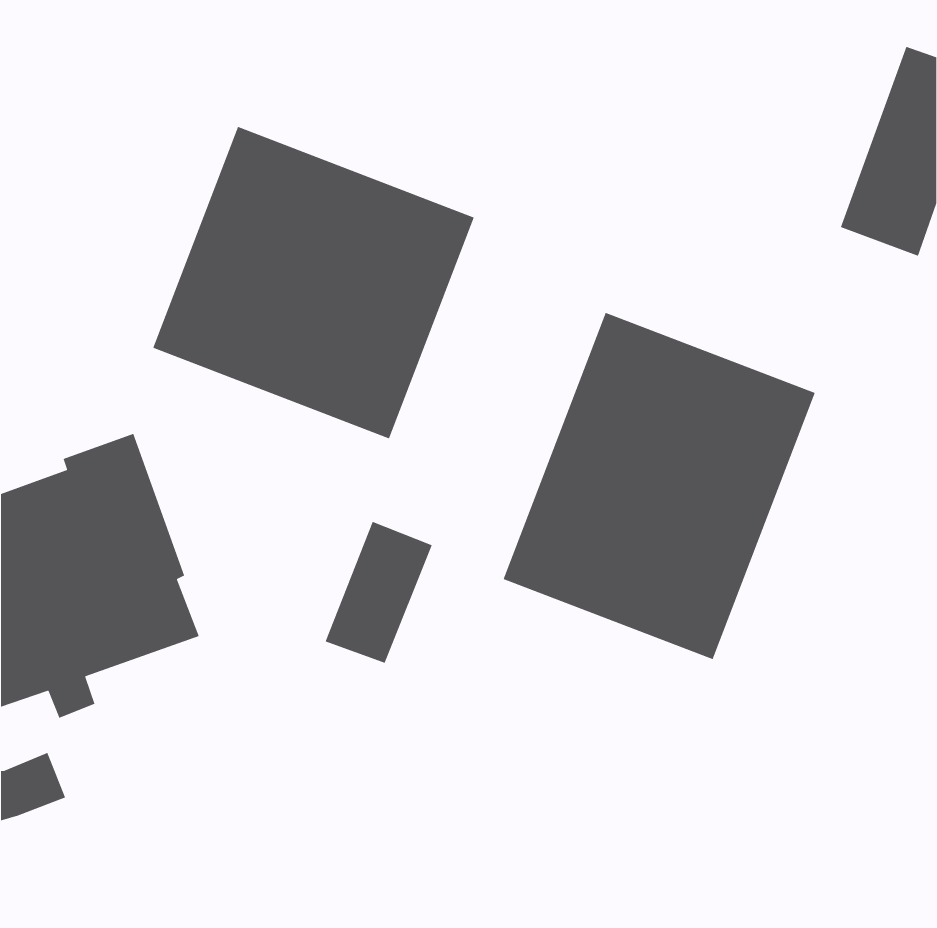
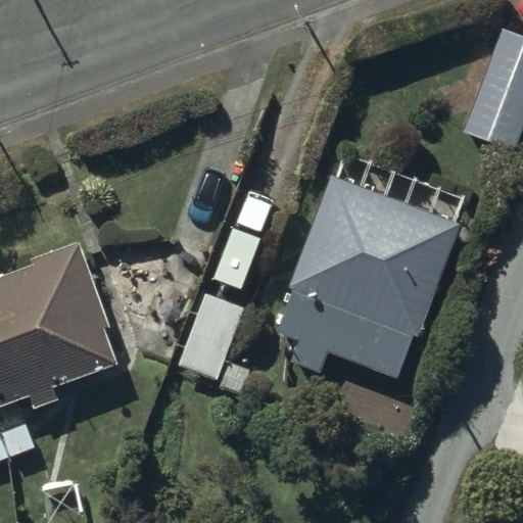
building: [152,126,475,439] -> none

